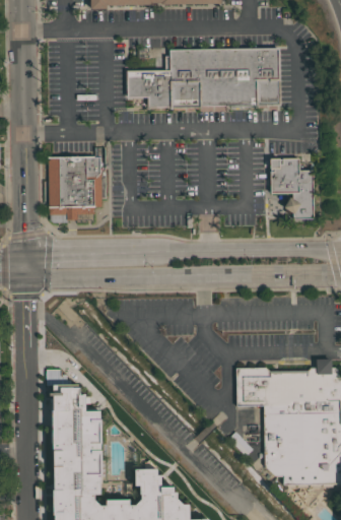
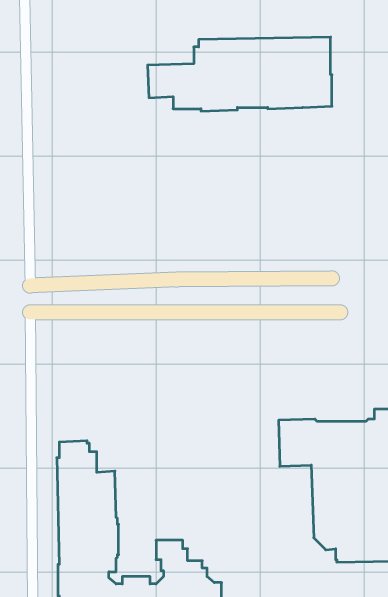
building: [49,155,107,219] -> none
building: [271,157,315,218] -> none

